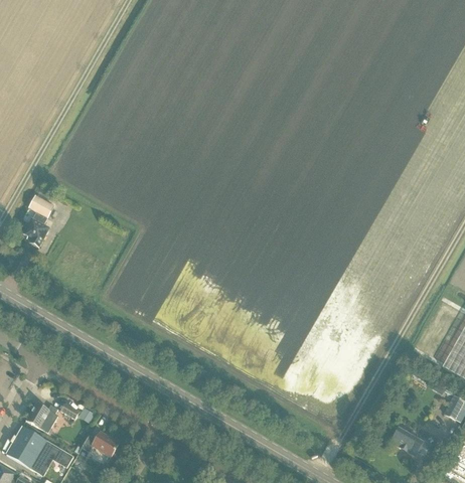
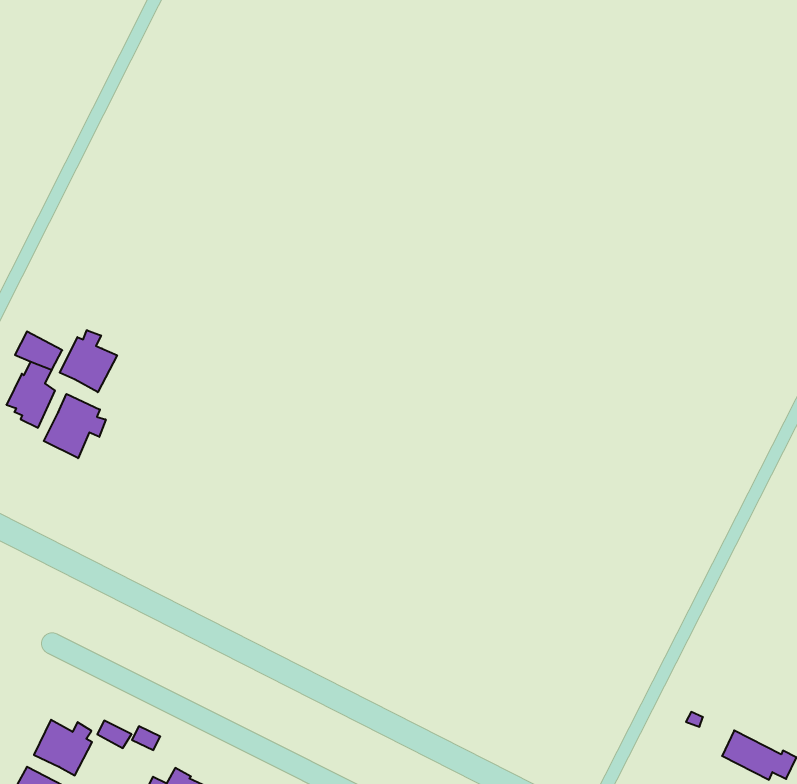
building: none -> [60,330,117,392]
building: none -> [44,394,106,458]

